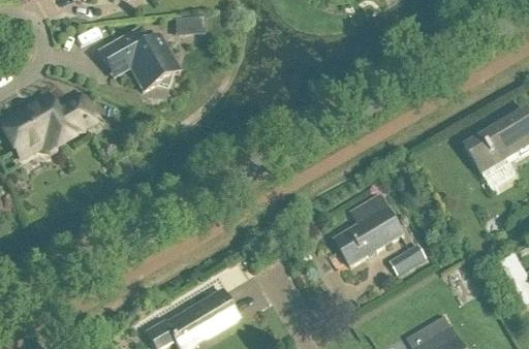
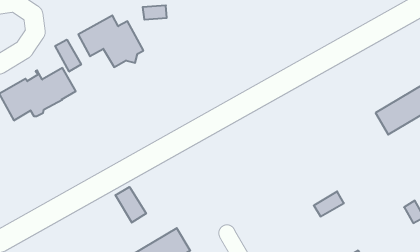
building: none -> [55,40,81,72]
building: [334,195,402,265] -> none
building: none -> [115,187,146,223]

